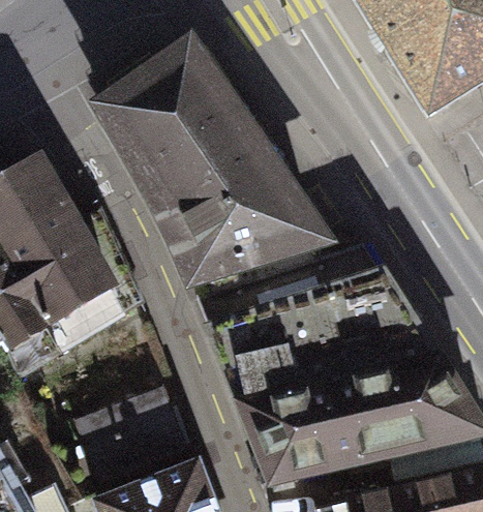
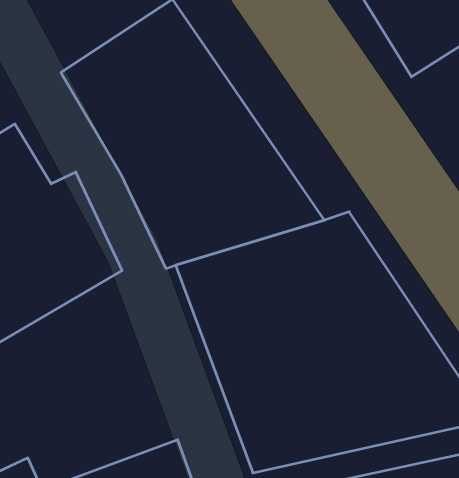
building: [77,384,190,482] -> none

